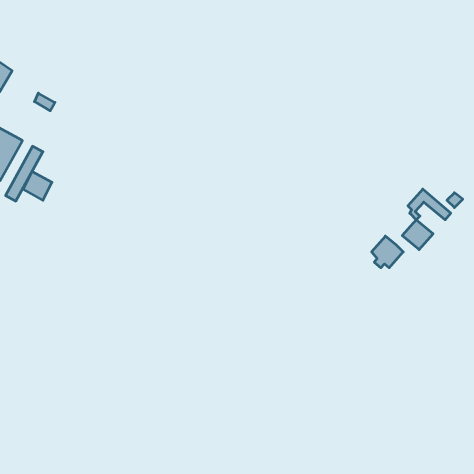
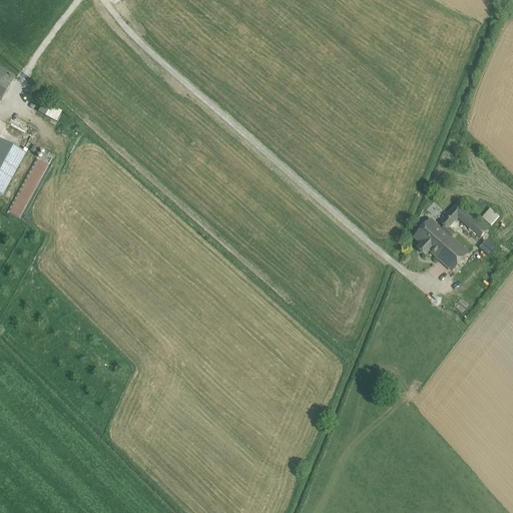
building: [23,171,52,200] -> none
building: [372,236,403,268] -> [414,219,448,253]

